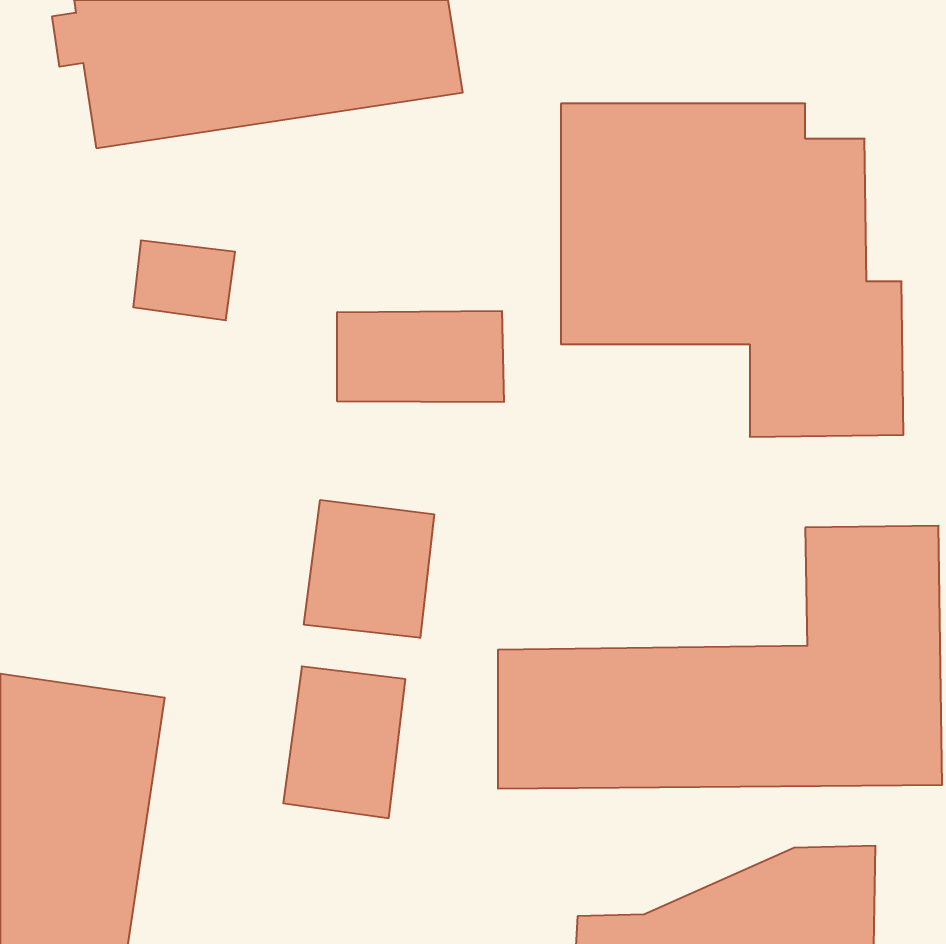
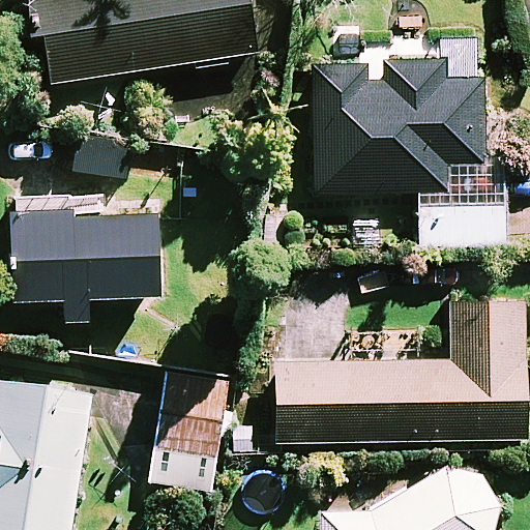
building: [337,311,504,402] -> none
building: none -> [11,190,160,321]
building: [304,500,434,638] -> none

